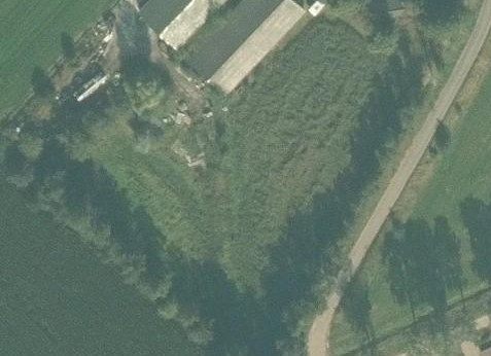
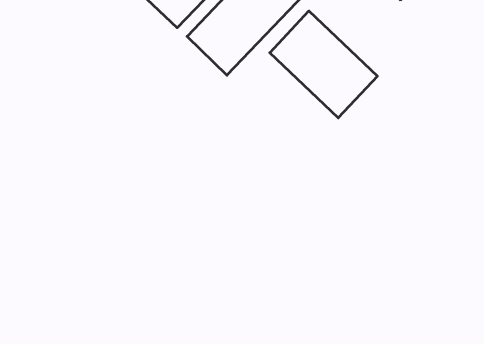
building: none -> [270,11,377,118]

